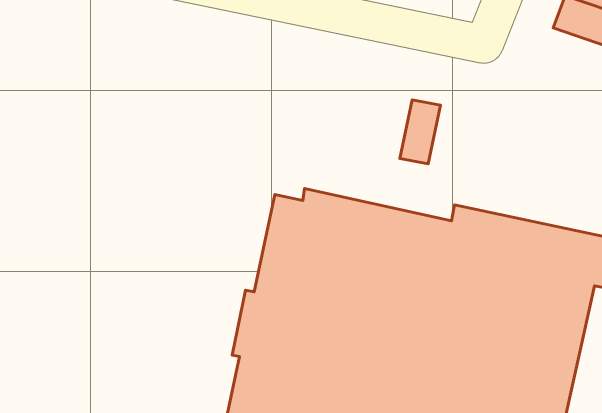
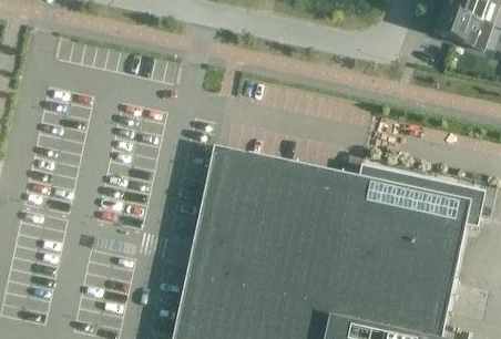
building: [400,100,440,164] -> none

